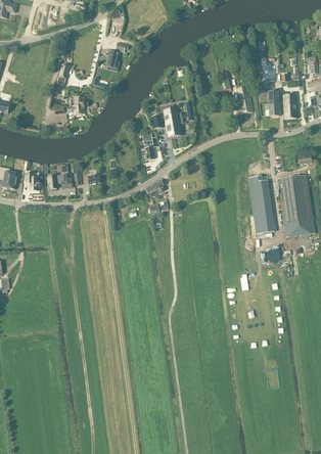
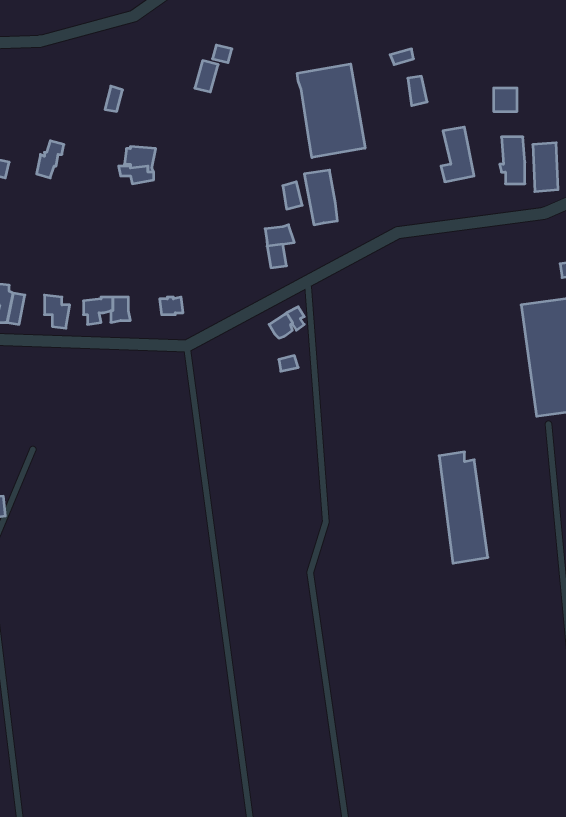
building: none -> [297,64,365,158]
building: [248,175,274,233] -> [439,452,488,563]

